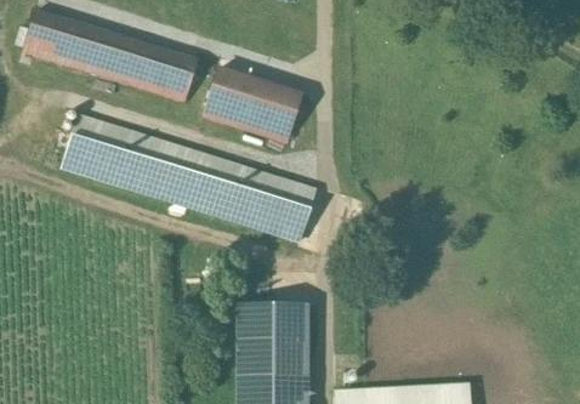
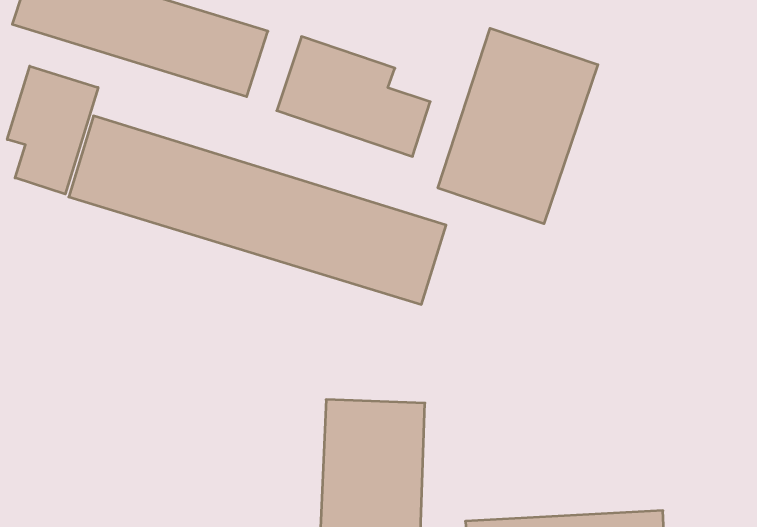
building: none -> [438,28,598,224]
building: none -> [7,66,98,194]

